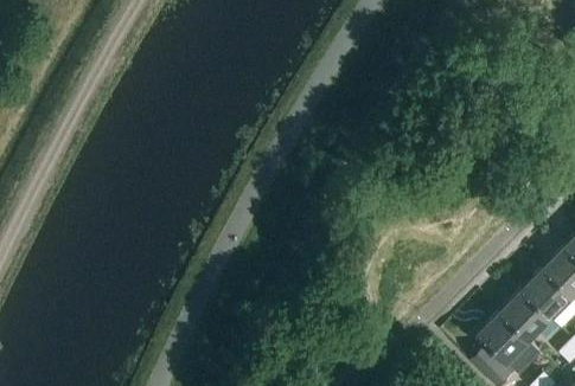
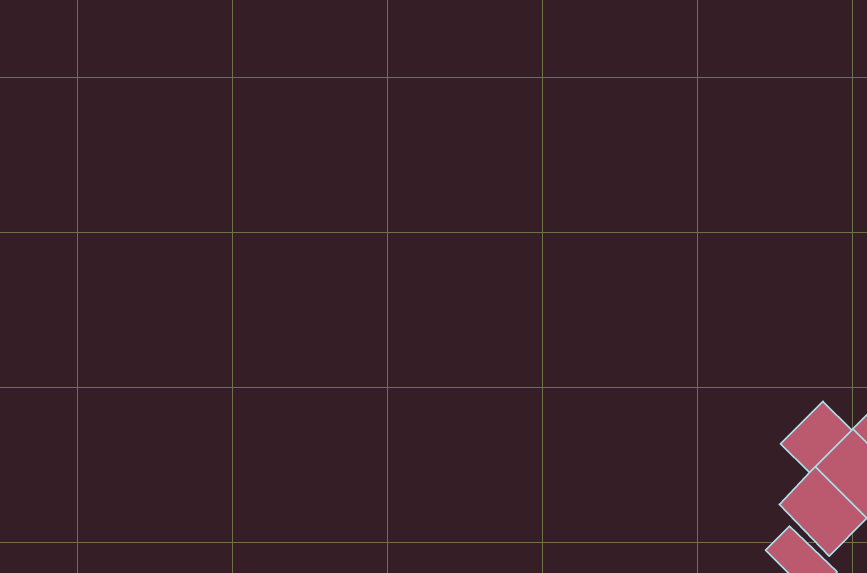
building: none -> [781,401,852,472]

